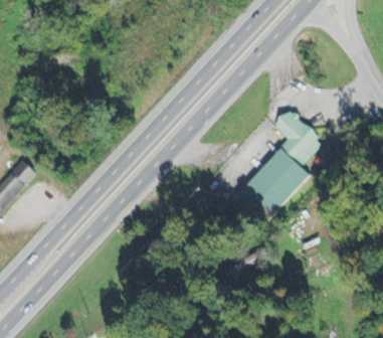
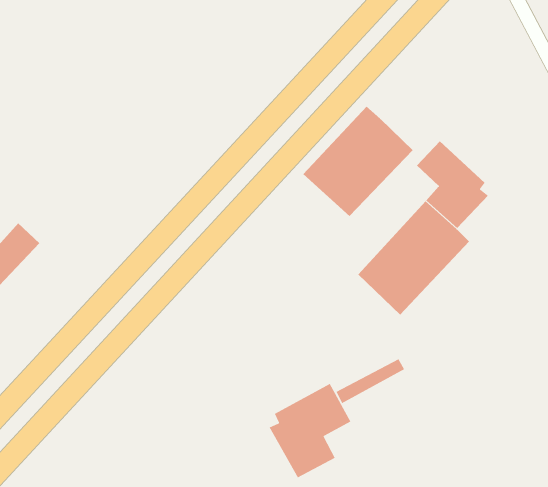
building: none -> [303,106,414,217]
building: none -> [269,383,352,478]

